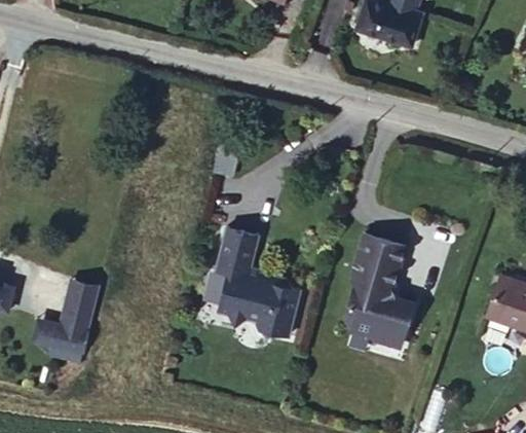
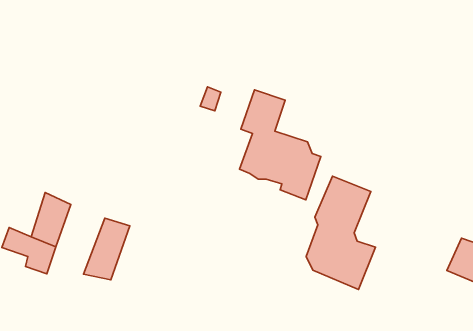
building: [218,231,303,338] -> [239,90,321,200]
building: none -> [84,218,130,280]

